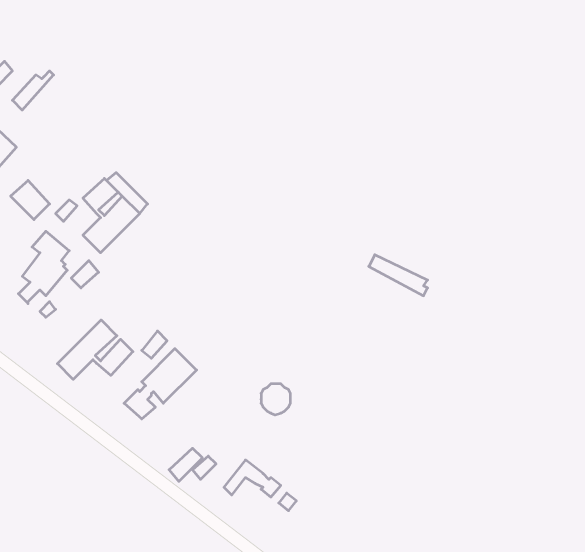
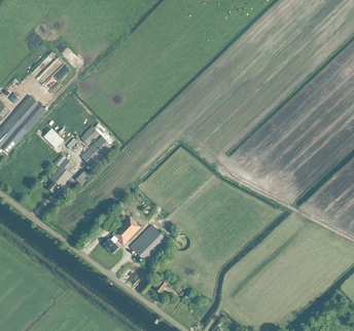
building: [57,320,133,379] -> none
building: none -> [129,224,169,264]

